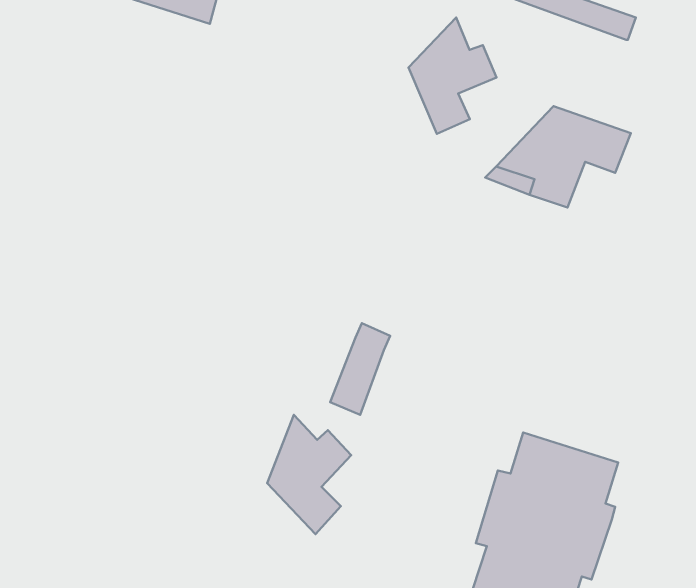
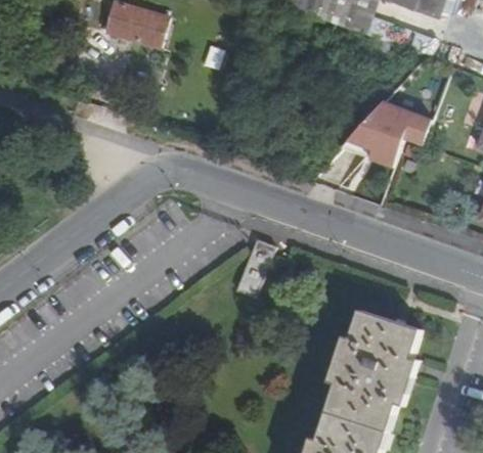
building: [408,17,496,134] -> none
building: [267,415,351,534] -> none

